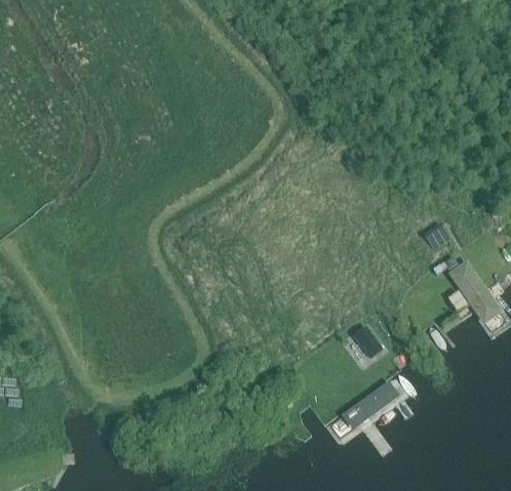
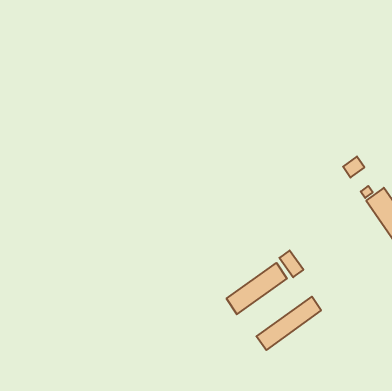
building: none -> [227,263,287,314]

